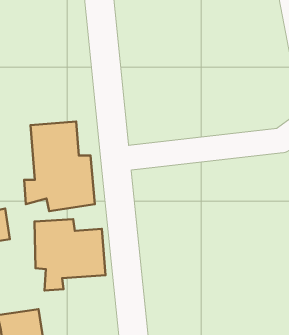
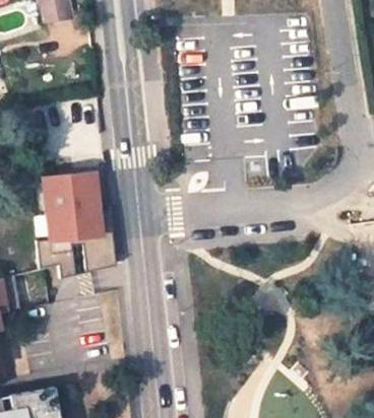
building: [35,219,106,291] -> none

